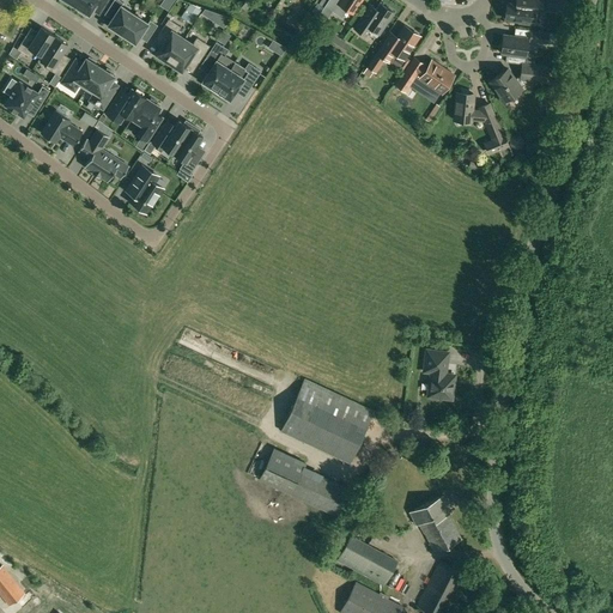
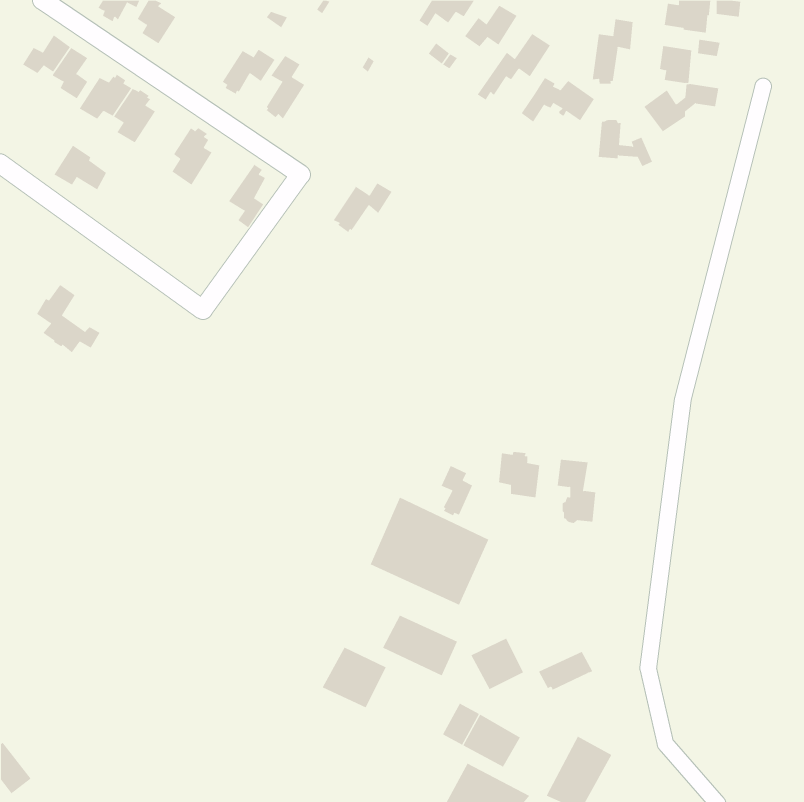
building: [121,14,157,44] -> none
building: none -> [592,19,633,85]
building: [156,19,184,63] -> none
building: [216,63,261,102] -> [333,182,393,233]
building: [5,83,49,117] -> none
building: [105,89,145,123] -> none
building: [152,121,193,154] -> none
building: [79,129,128,182] -> [36,284,101,353]
building: [126,166,163,213] -> none
building: none -> [498,451,540,498]
building: none -> [441,465,473,516]
building: [257,448,306,494] -> [322,647,386,708]
building: [420,514,461,553] -> [470,638,524,690]

